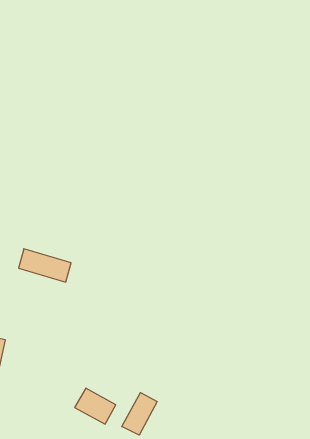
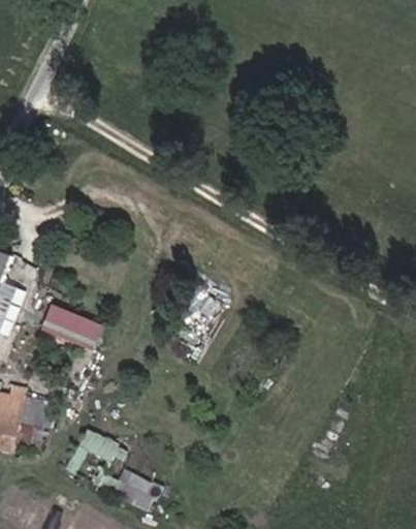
building: [122,393,157,435] -> none

